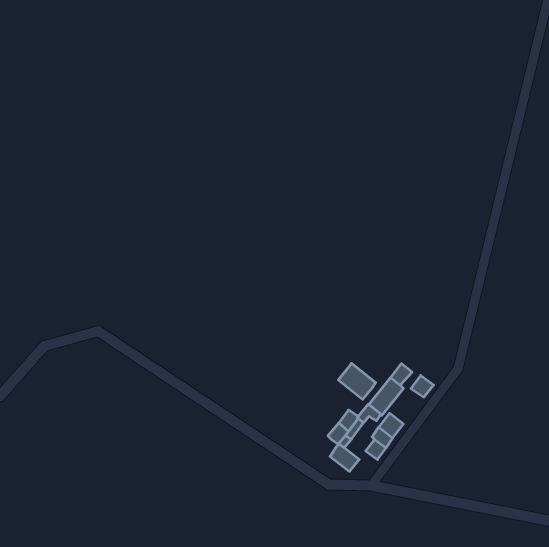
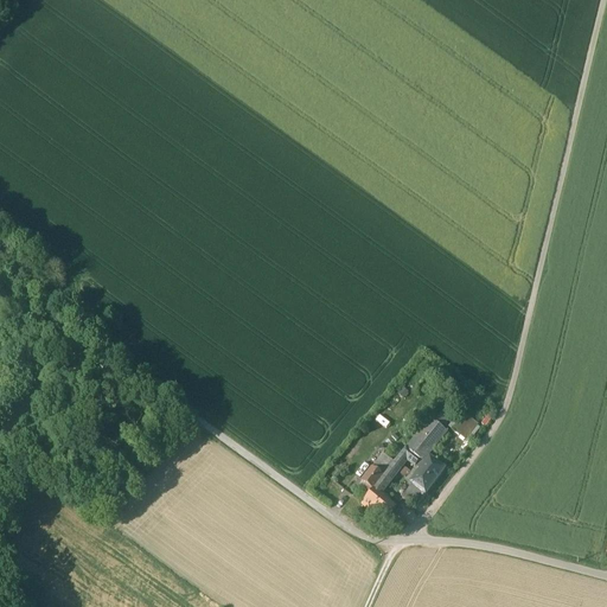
building: [338,363,376,399] -> none

